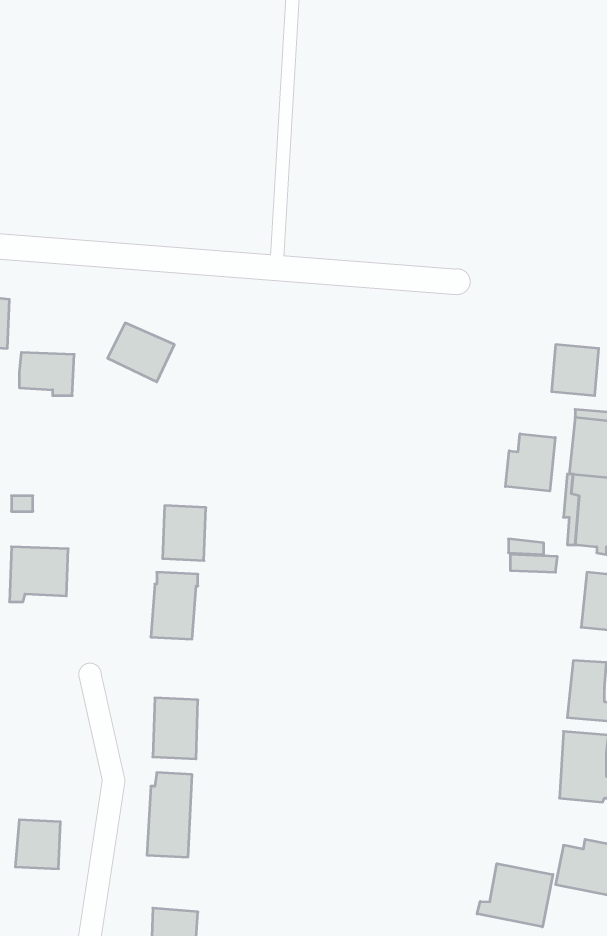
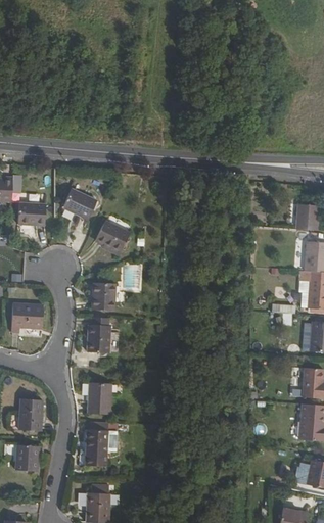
building: none -> [97,219,132,251]
building: [505,434,555,491] -> none
building: none -> [19,399,43,432]
building: [477,864,553,927] -> none

